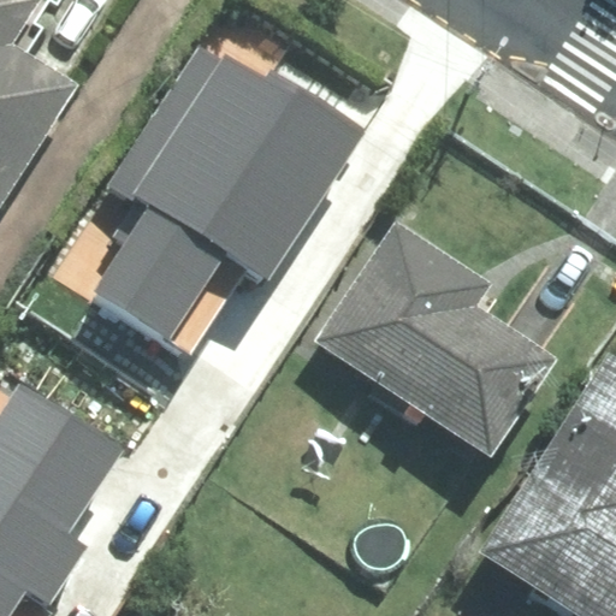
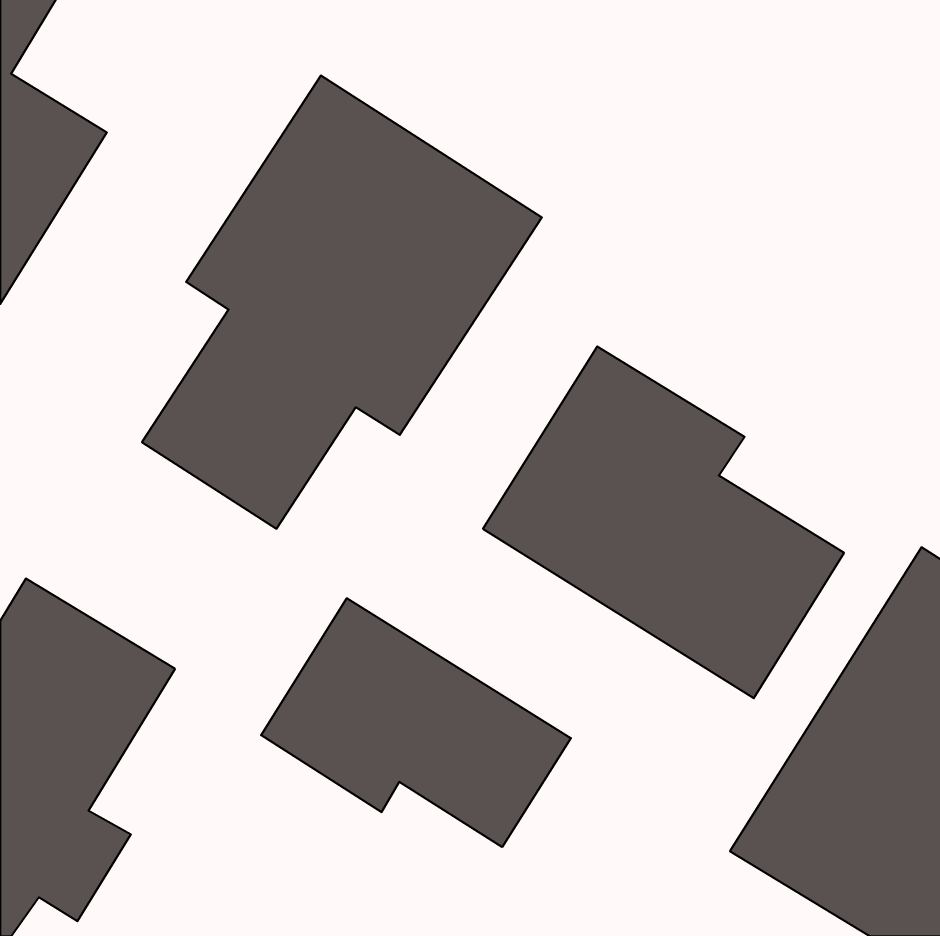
building: none -> [261,598,571,847]

